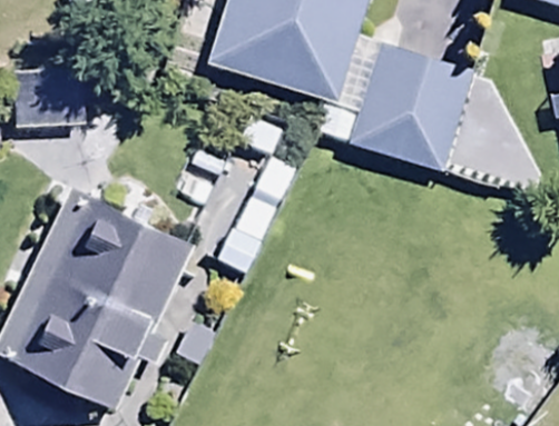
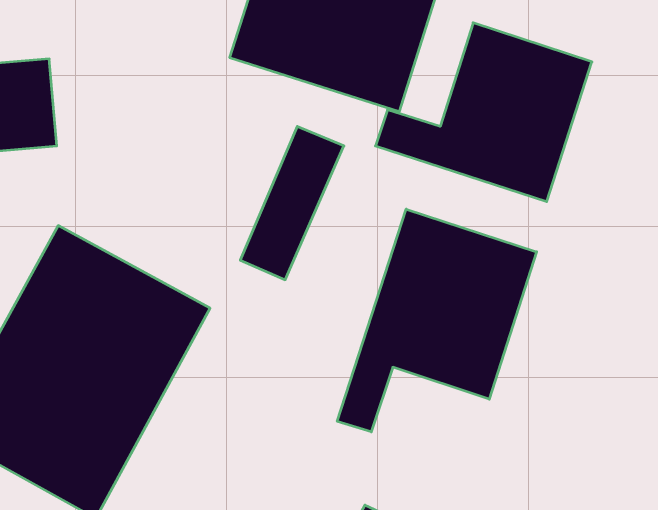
building: none -> [337,209,537,432]

